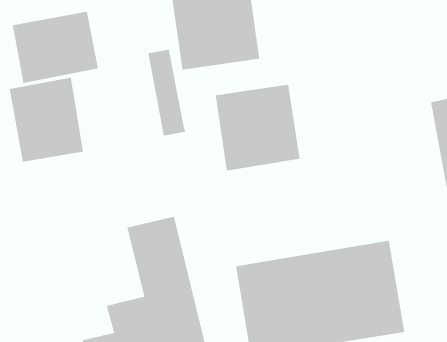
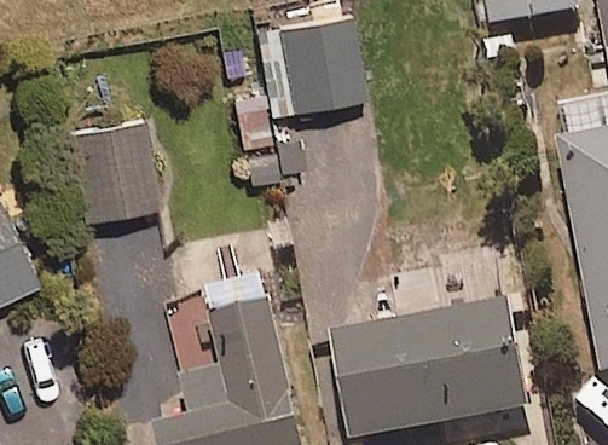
building: [12,11,99,84] -> none
building: [215,84,301,171] -> none

